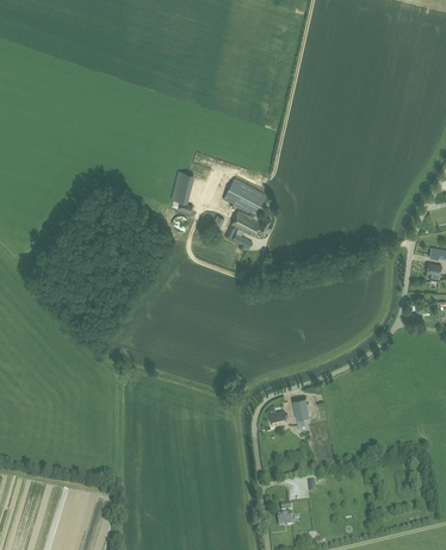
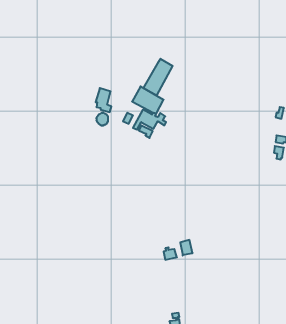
building: none -> [144,59,173,95]

